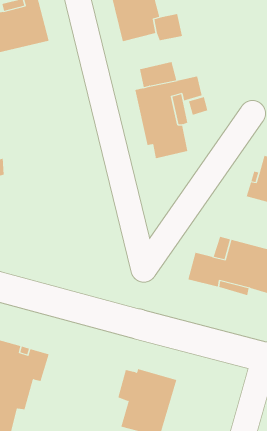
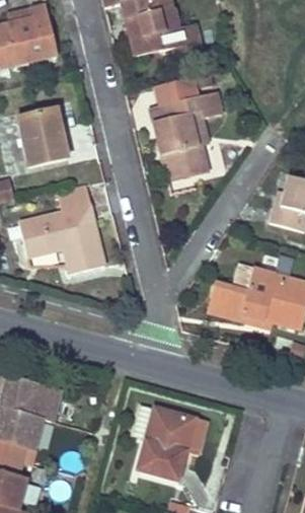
building: none -> [16,106,68,166]
building: none -> [19,204,105,274]

